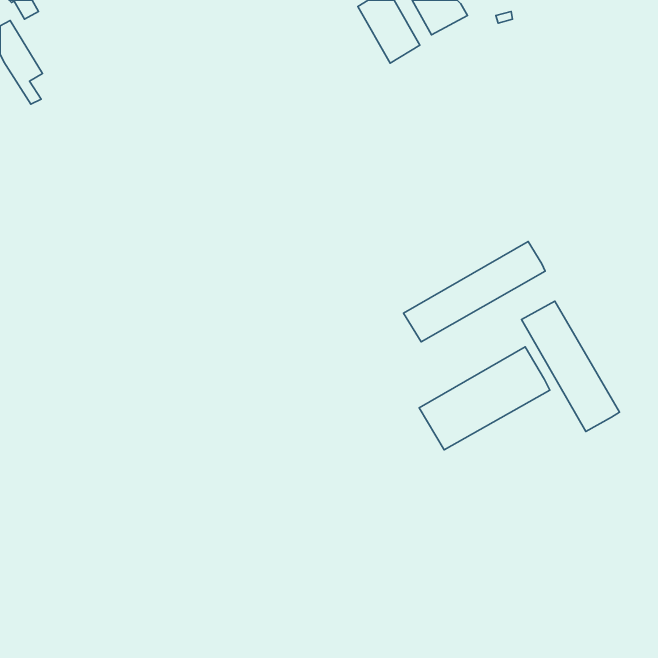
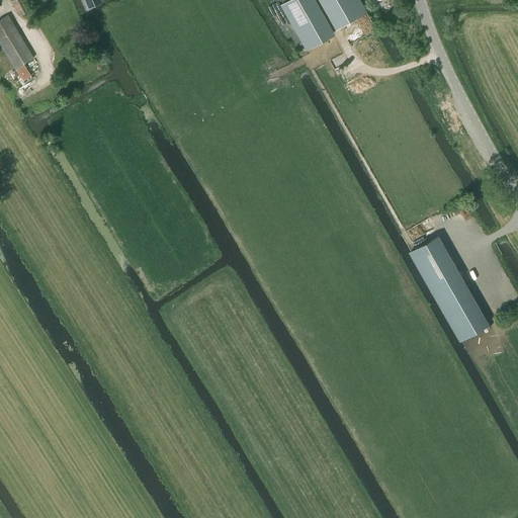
building: [404,242,545,342] -> none
building: [419,347,550,450] -> none

